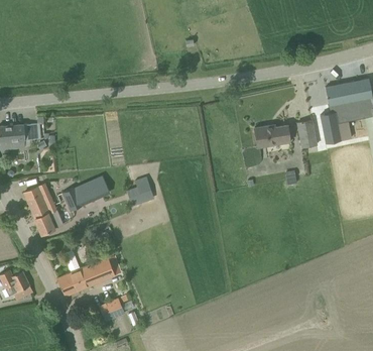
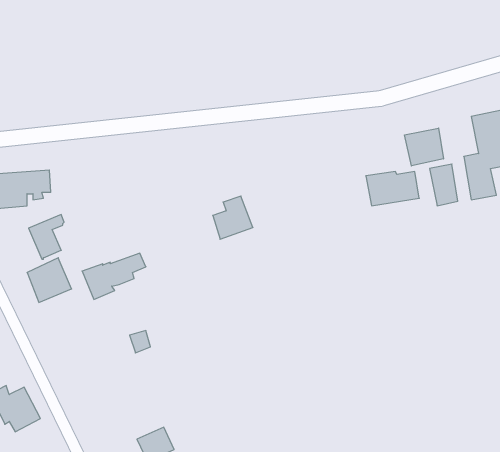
building: none -> [405,128,443,166]
building: [127,177,154,206] -> [213,196,253,239]
building: [32,204,56,234] -> [29,215,64,259]
building: [56,255,114,296] -> none

